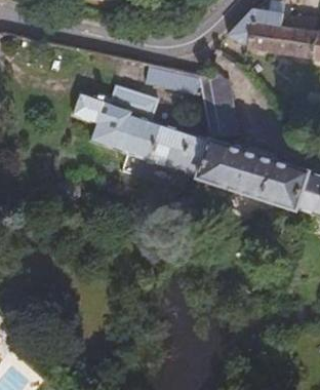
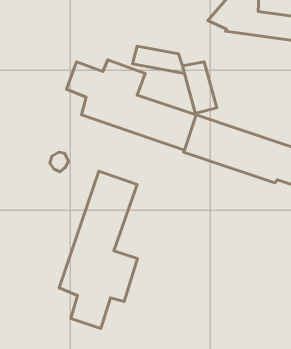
building: none -> [59,171,138,328]

